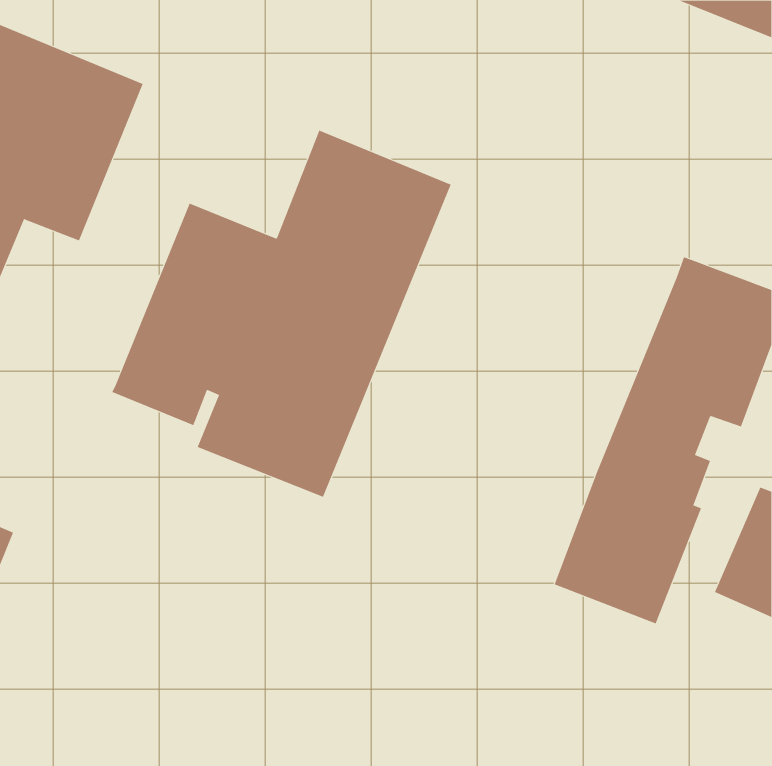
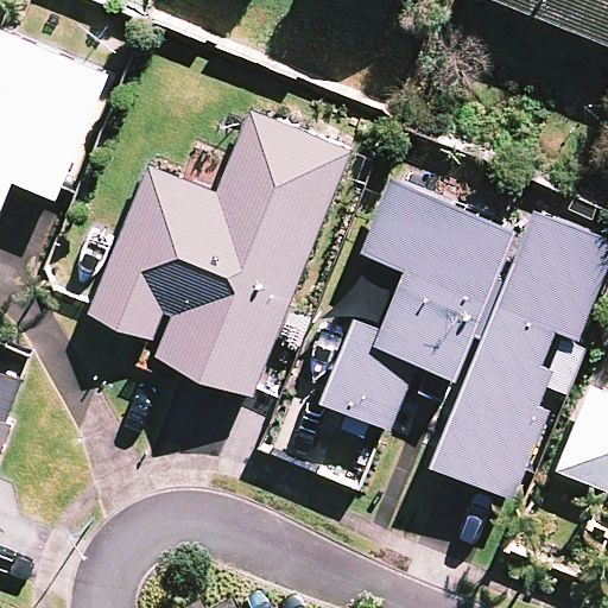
building: none -> [321,175,526,429]

